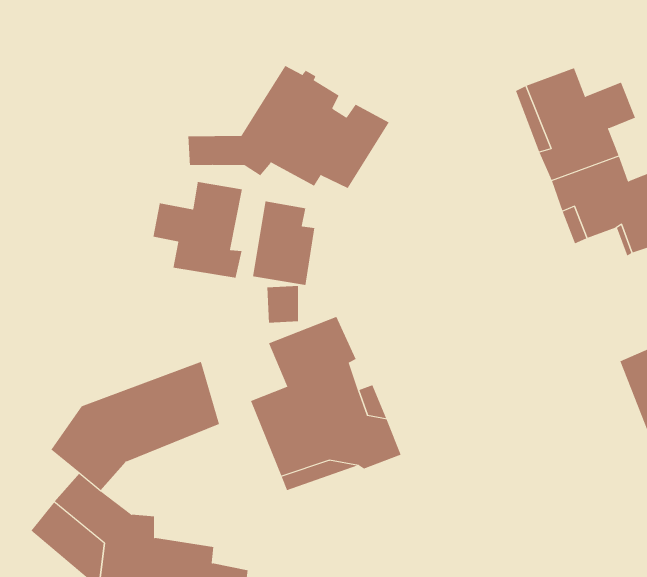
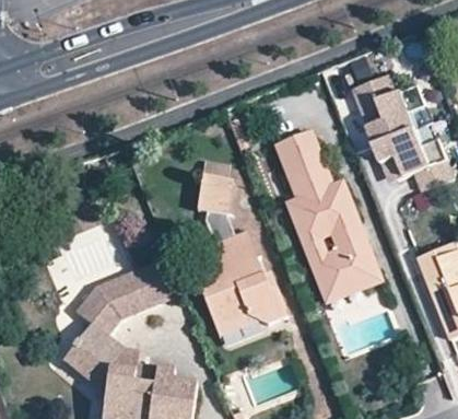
building: [188,65,389,189] -> none
building: none -> [284,137,383,299]
building: [153,181,242,279] -> none

